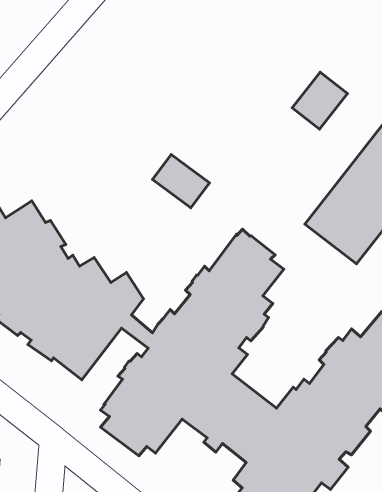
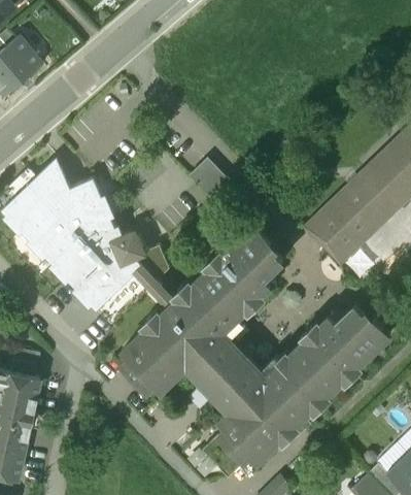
building: [292,72,347,129] -> none

